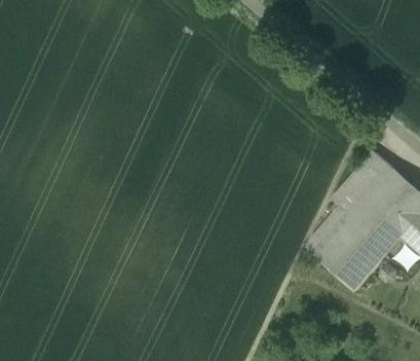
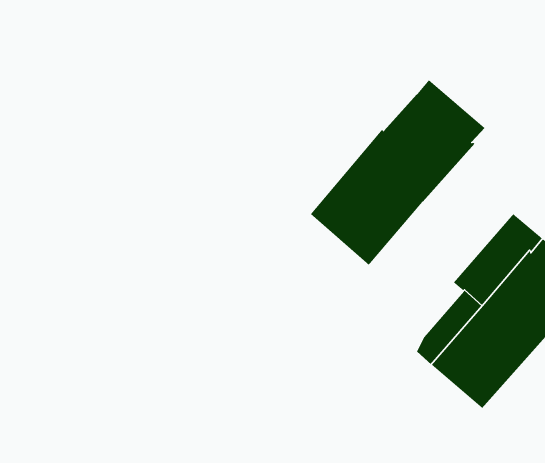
building: none -> [310,79,486,266]

